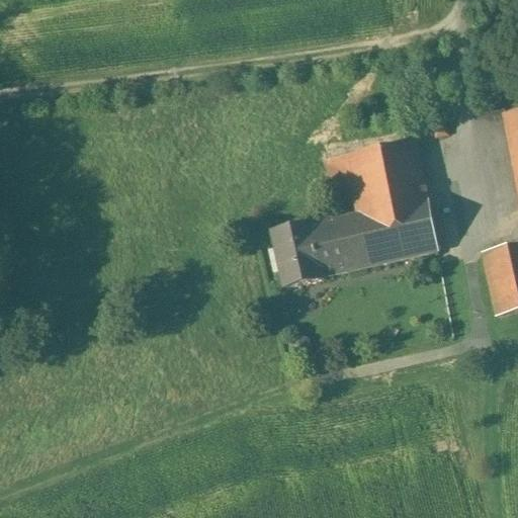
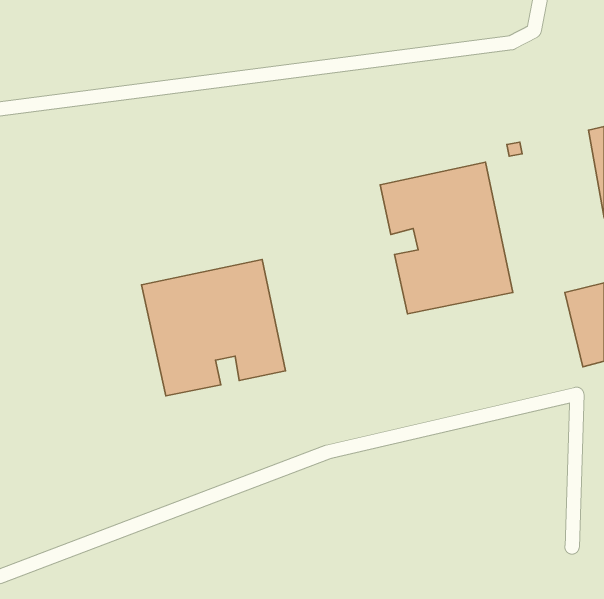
building: [269,218,349,285] -> none
building: none -> [142,259,285,396]

